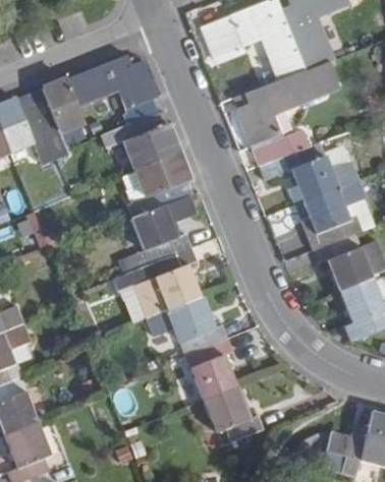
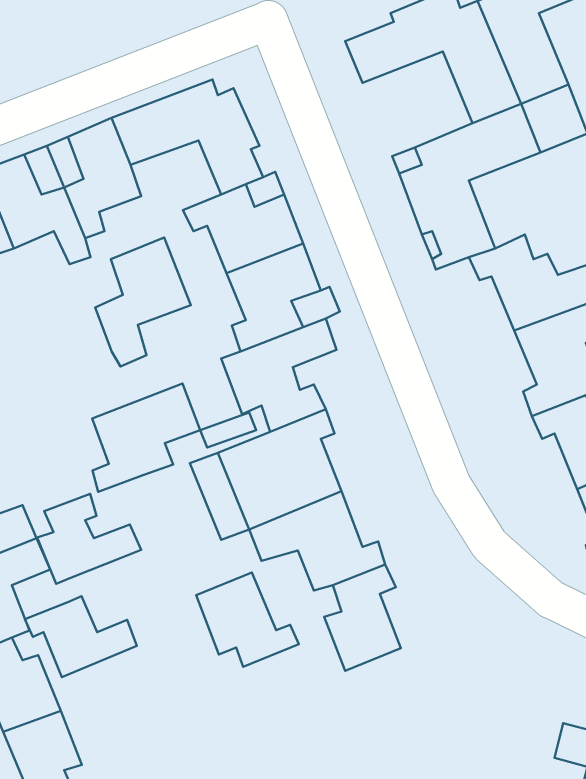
building: none -> [95,237,191,367]
building: none -> [92,384,200,492]
building: none -> [37,494,141,584]
building: none -> [25,596,137,677]
building: [204,386,264,441] -> [196,573,299,667]

